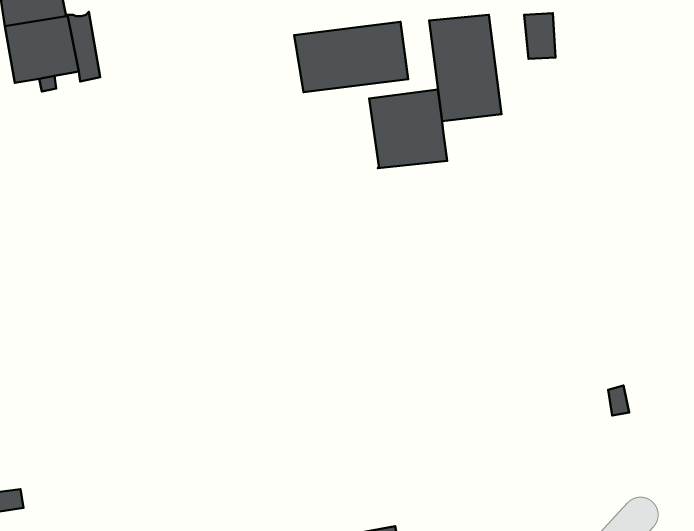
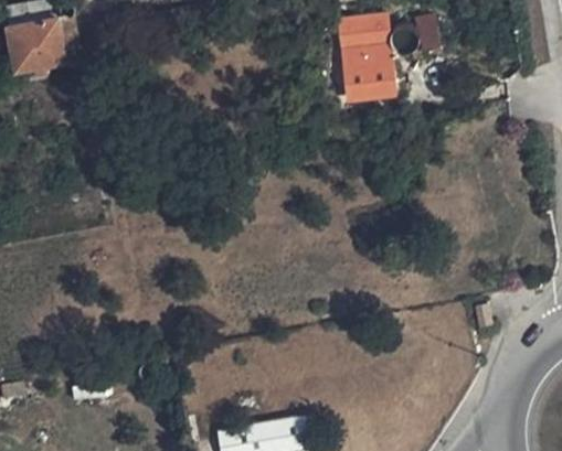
building: [294,22,408,92] -> none
building: [369,89,447,168] -> none

